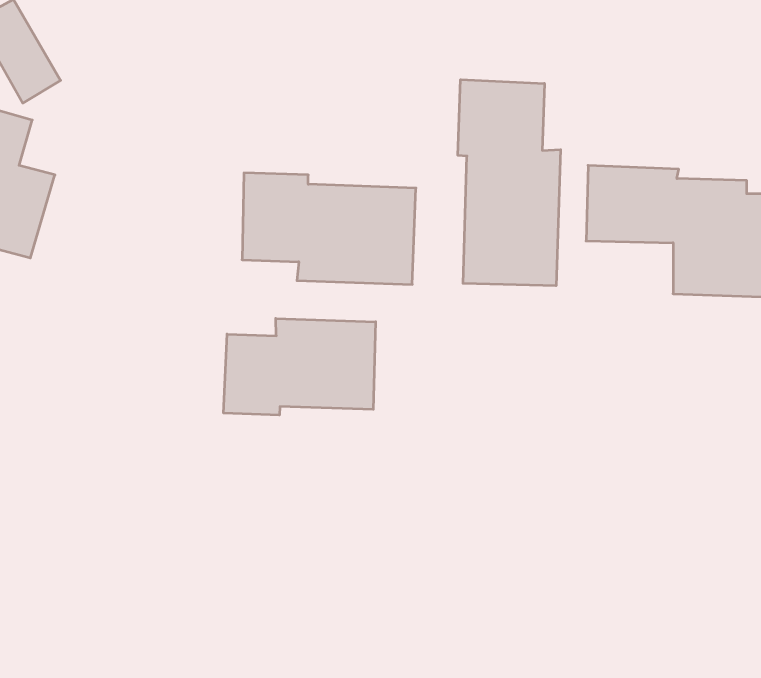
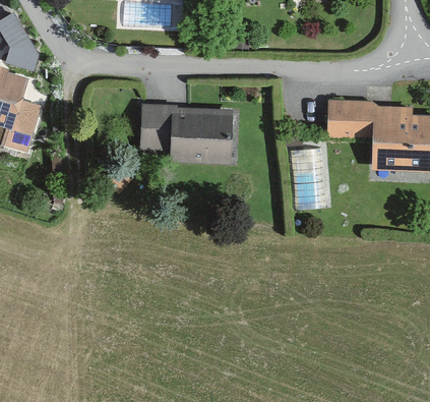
building: [458,80,561,286] -> none
building: [224,318,376,415] -> none

